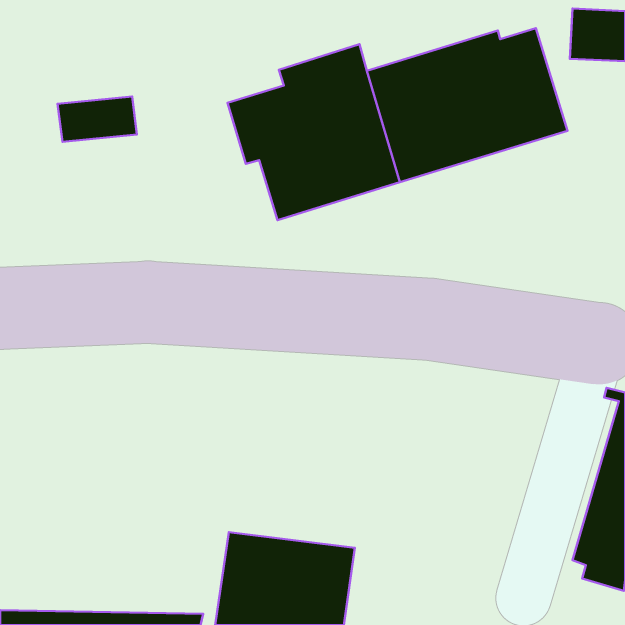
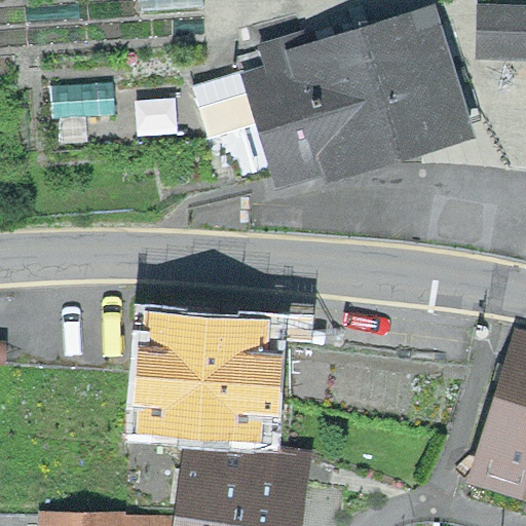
building: none -> [145,323,274,424]

